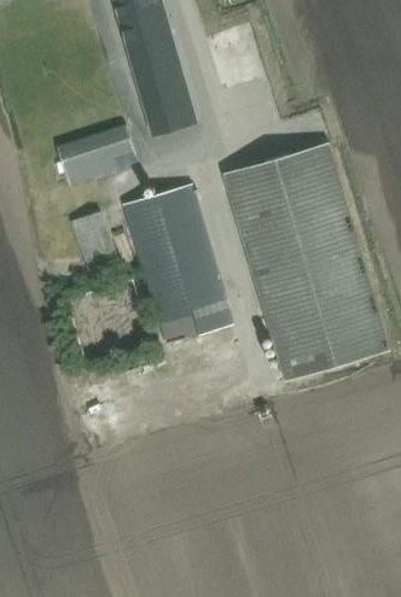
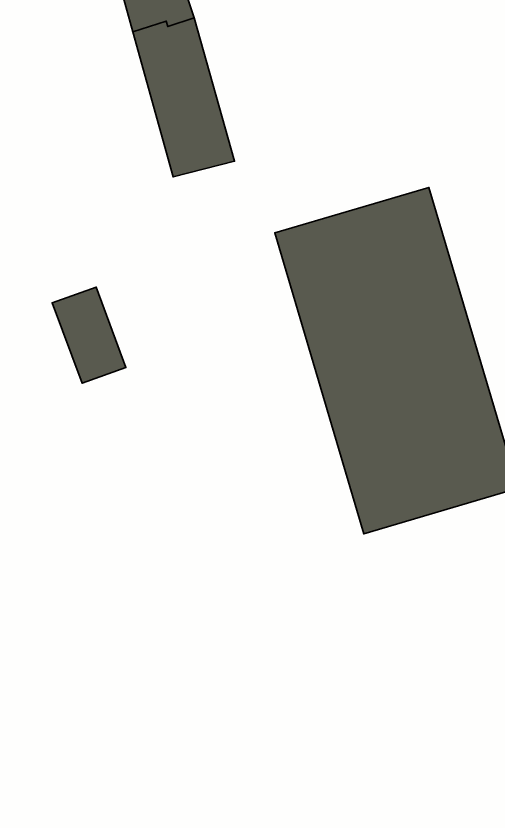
building: [56,124,138,186] -> none
building: [122,183,233,345] -> none

